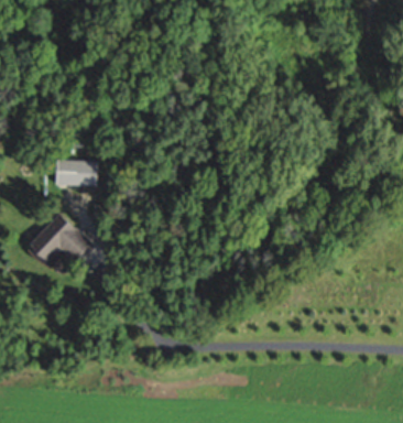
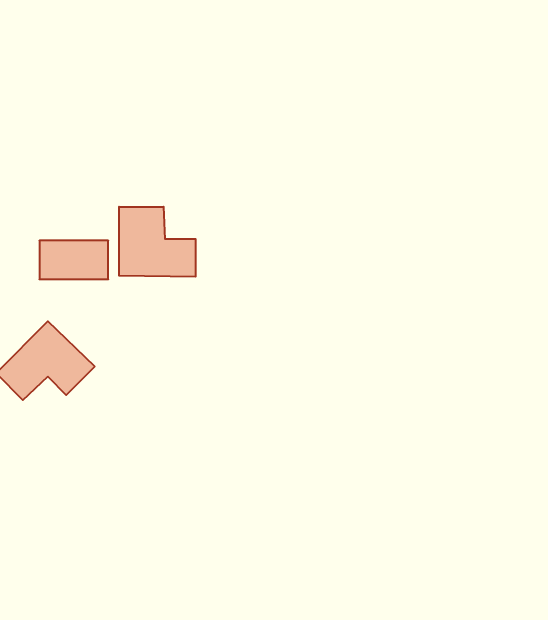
building: none -> [119,207,196,277]

